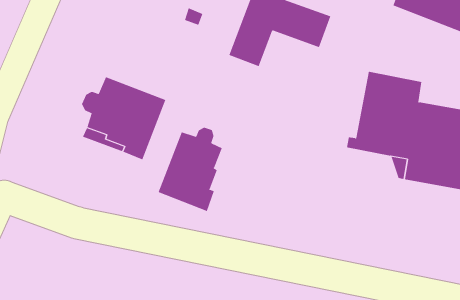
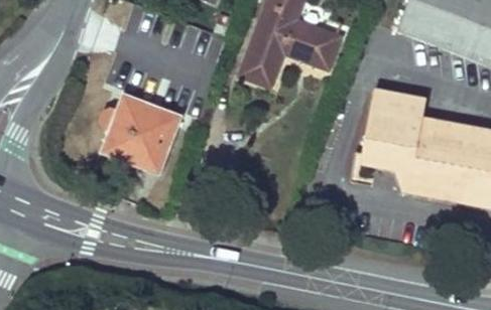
building: [158,127,223,212] -> none

